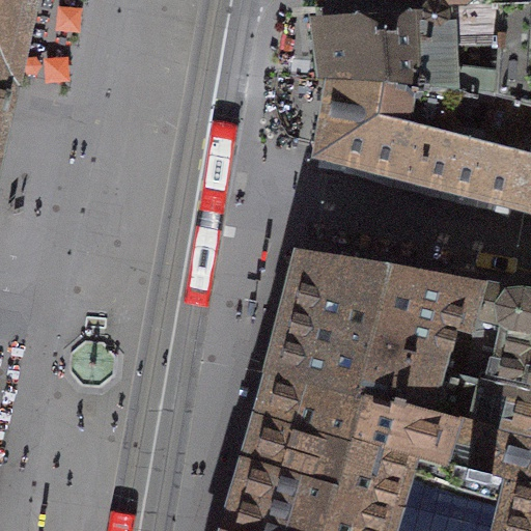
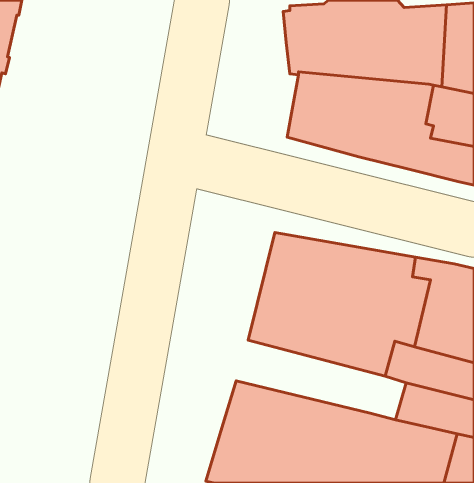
building: [259,373,446,460] -> none

